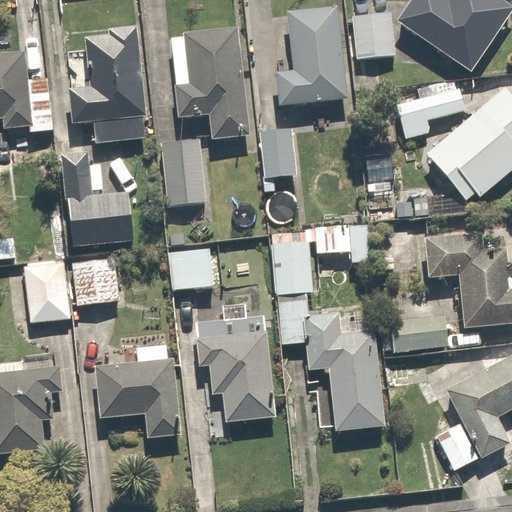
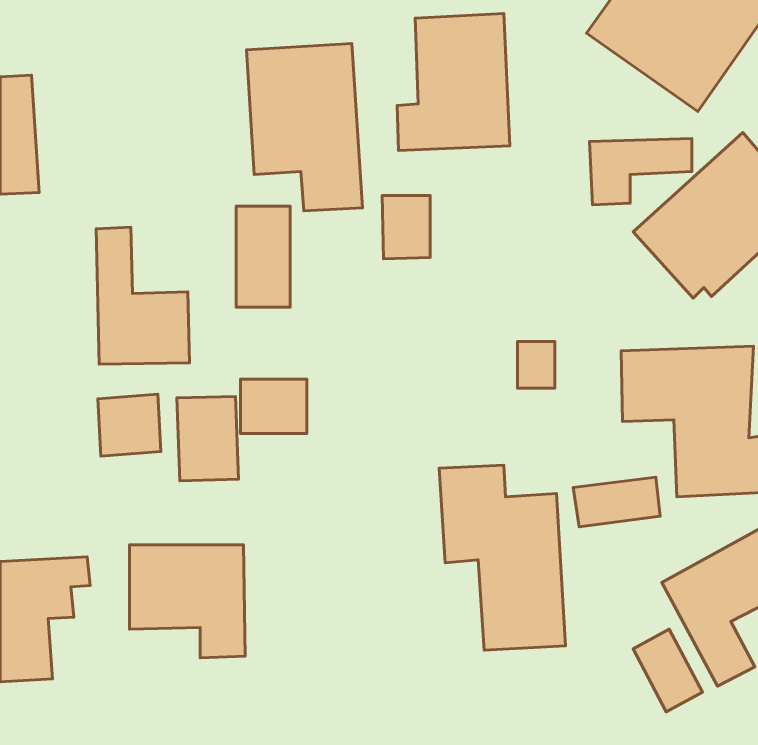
building: [355,11,390,53] -> none
building: [67,26,148,143] -> none
building: [272,235,311,294] -> none
building: [25,263,66,319] -> [177,396,239,481]
building: [193,325,273,424] -> none

